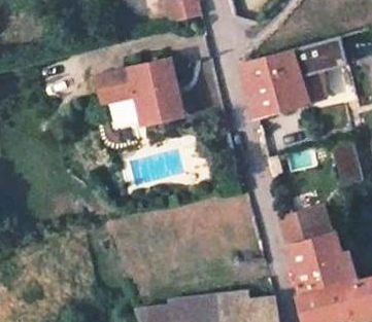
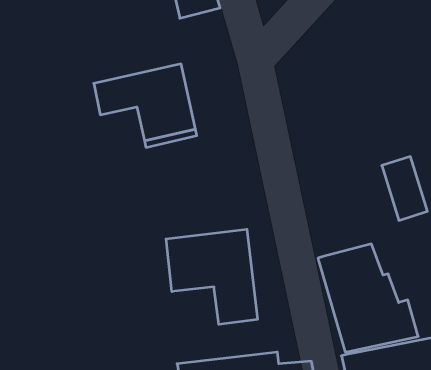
building: [239,36,346,118] -> none
building: none -> [166,229,257,324]

